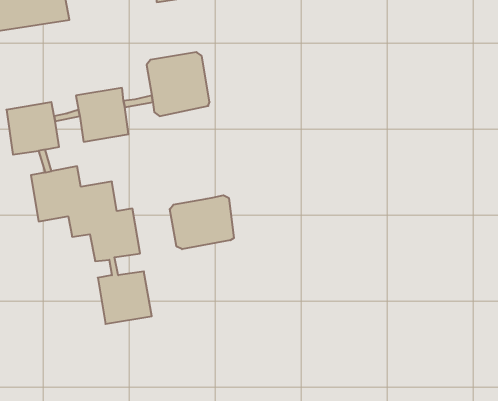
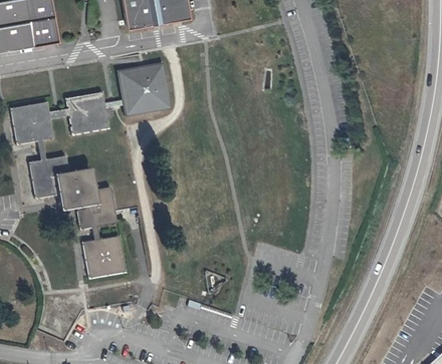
building: [170,195,234,249] -> none

